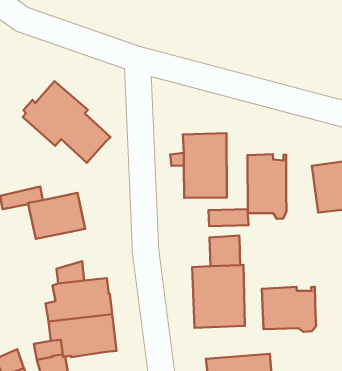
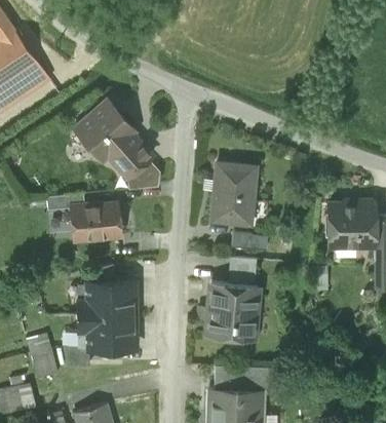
building: none -> [128,161,158,191]
building: [247,154,286,219] -> none
building: [262,287,316,332] -> none

